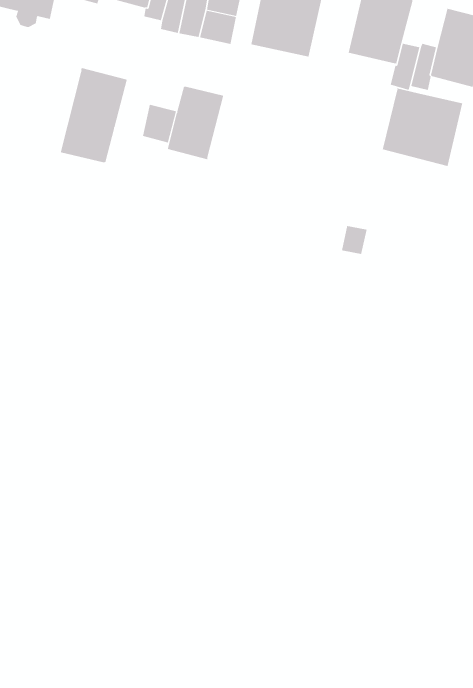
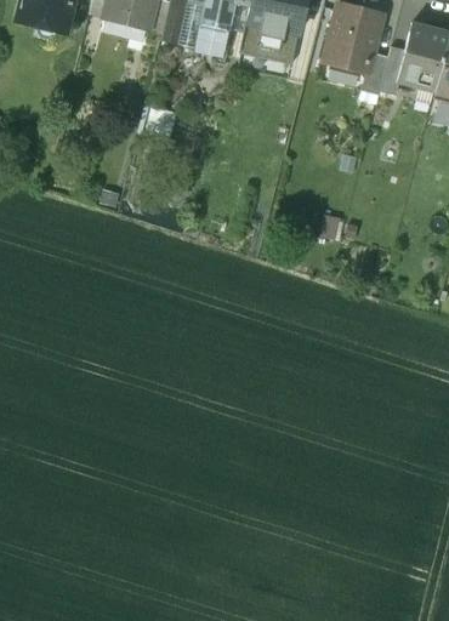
building: [60,67,127,163] -> none
building: [167,86,224,160] -> none
building: [382,87,463,167] -> none

